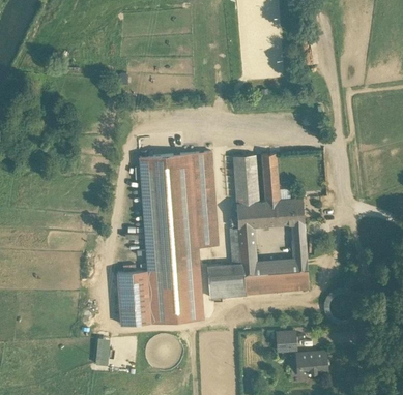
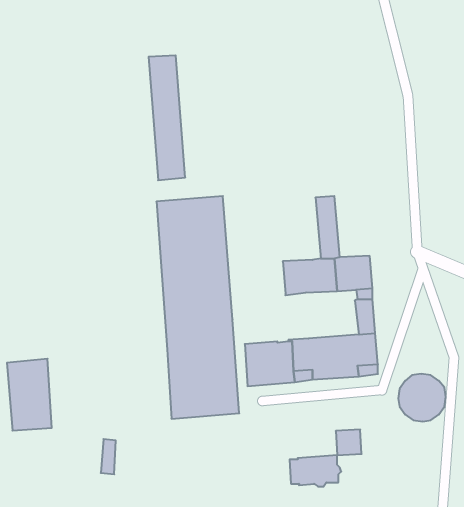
building: [191,152,219,247] -> [149,55,185,180]
building: [233,155,259,203] -> none
building: [230,226,256,265] -> none
building: [117,270,151,325] -> [7,359,52,431]
building: [290,352,329,375] -> [290,455,341,487]

